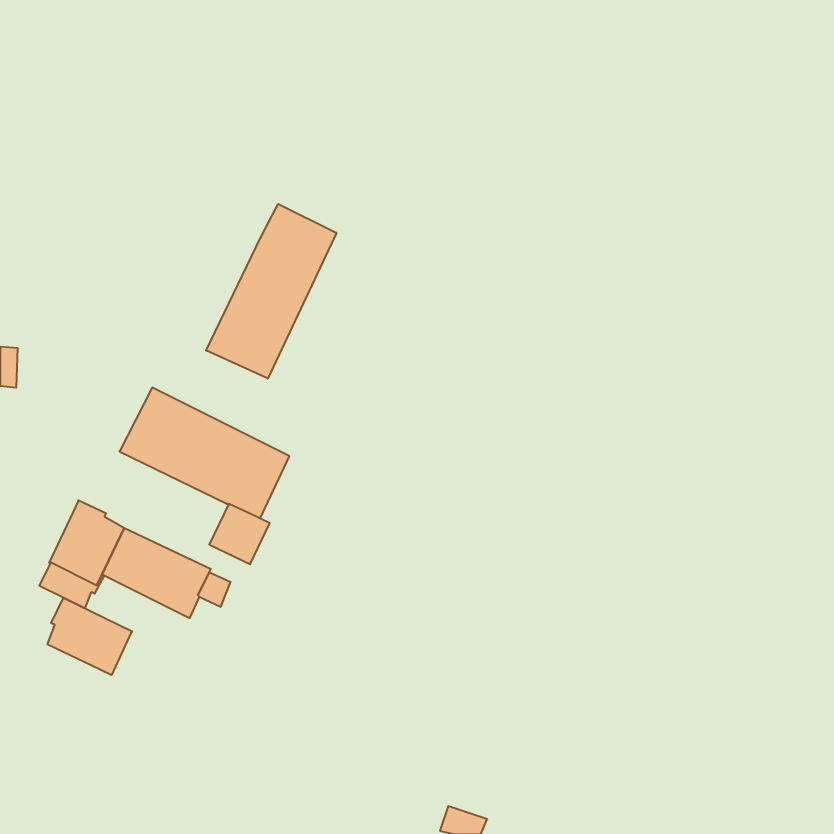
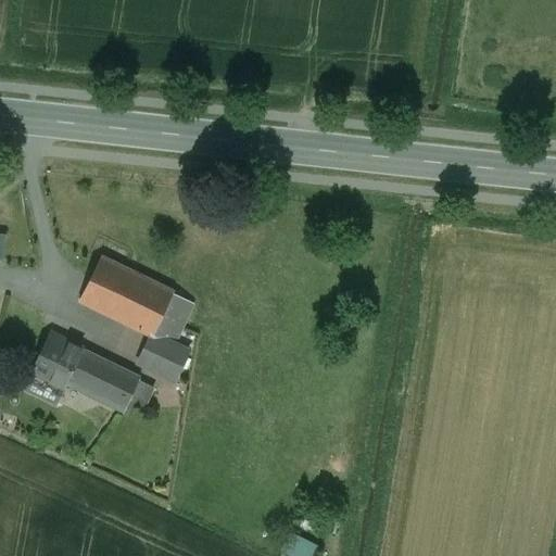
building: [206,204,336,379] -> none
building: [48,598,132,675] -> none

